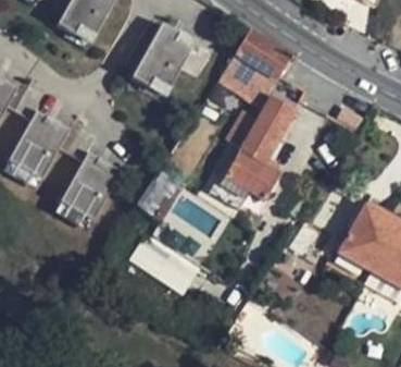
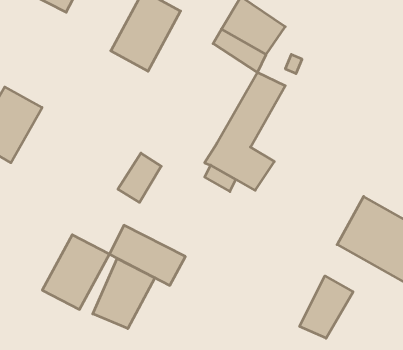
building: [59,152,120,220] -> [42,235,110,309]
building: none -> [93,258,155,329]
building: none -> [300,276,353,338]

